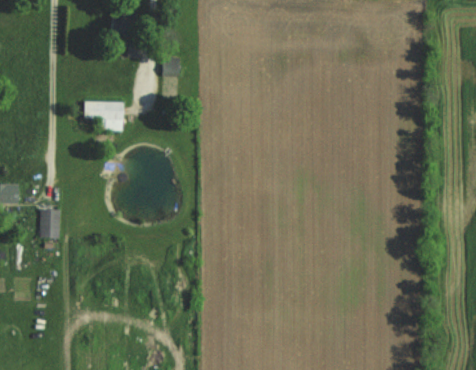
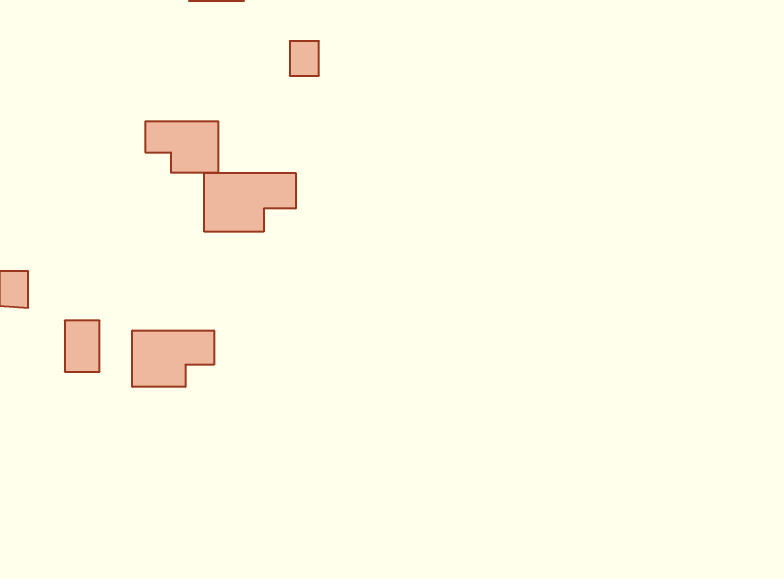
building: none -> [204,173,296,232]
building: none -> [132,330,214,387]

